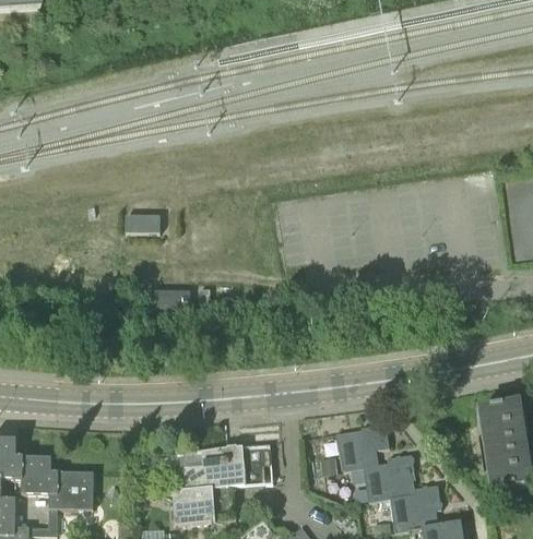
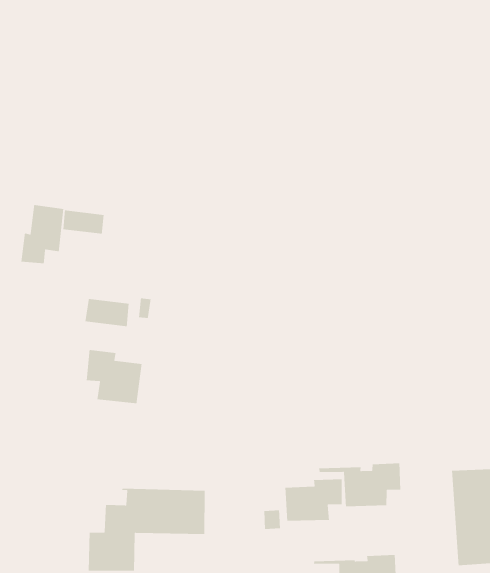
building: none -> [21,204,64,264]
building: none -> [86,349,143,404]
building: [341,454,414,496] -> [318,462,401,507]

